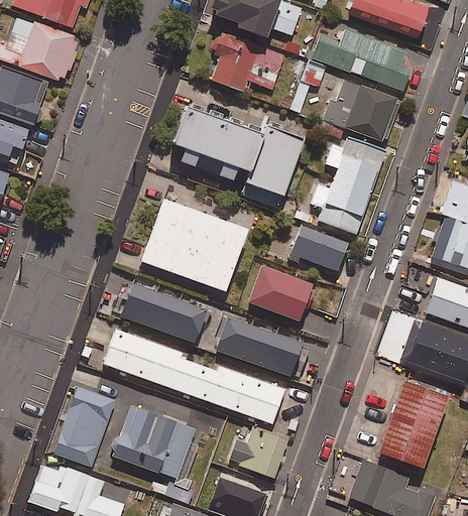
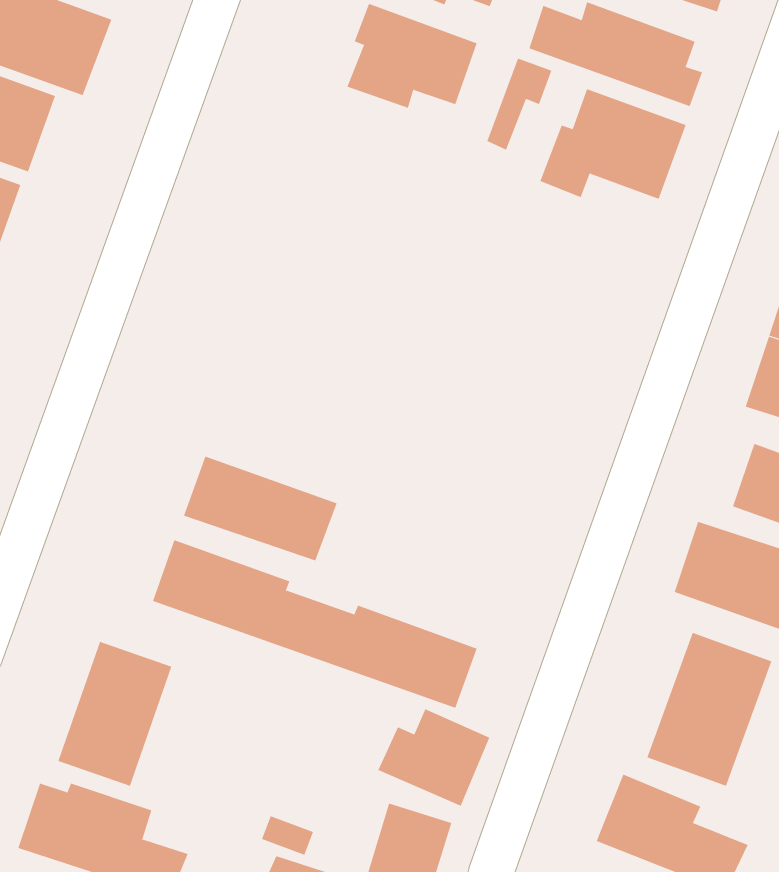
building: [173,104,303,207] -> none
building: [312,136,383,232] -> none
building: [141,198,247,290] -> none
building: [291,226,347,270] -> none
building: [248,264,312,319] -> none
building: [216,317,301,375] -> none
building: [115,406,195,478] -> none

